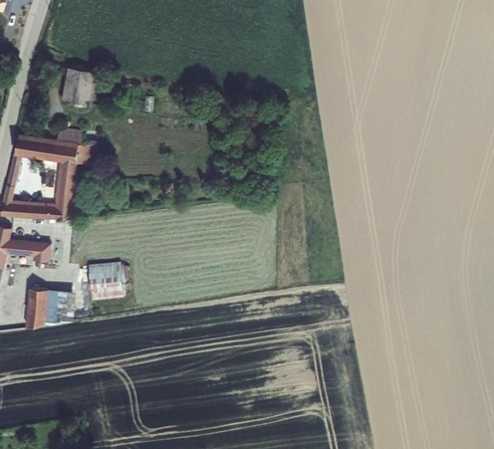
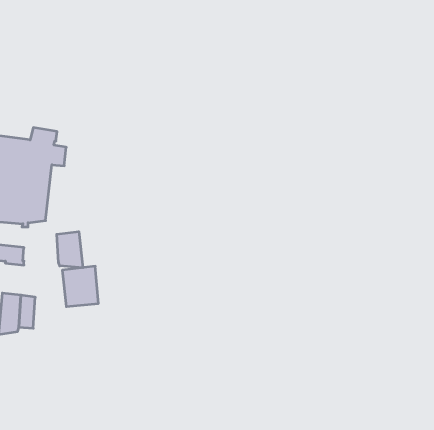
building: [60,68,95,107] -> none
building: none -> [57,232,83,268]

